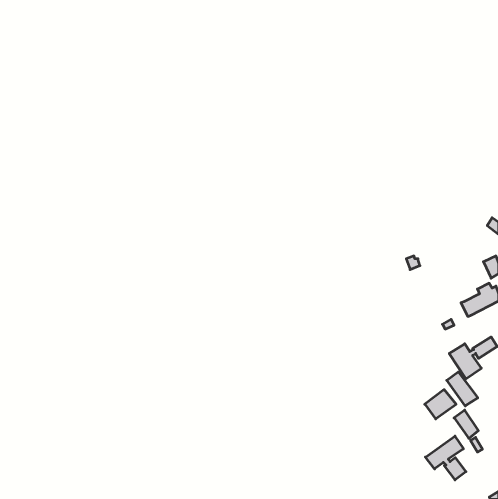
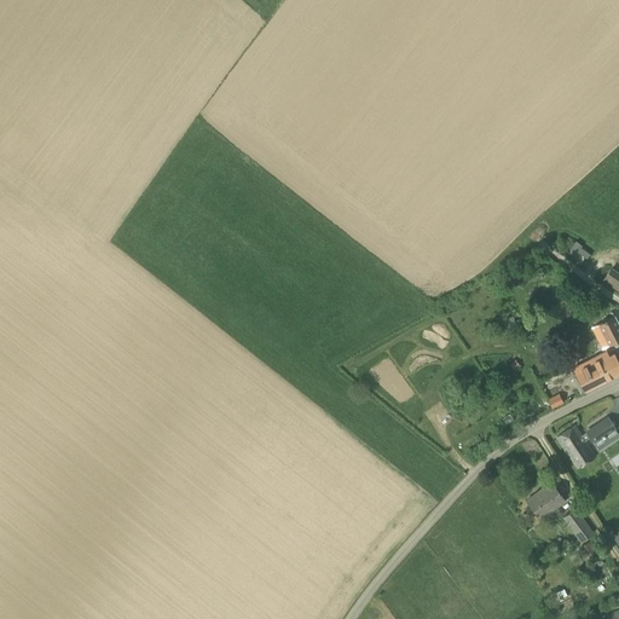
building: [447,372,478,406] -> none
building: [425,436,466,480] -> none

